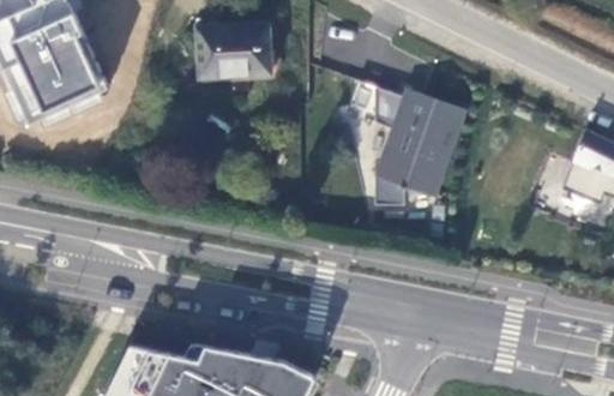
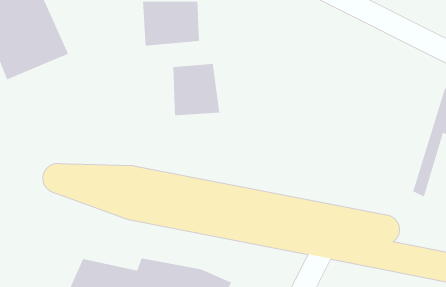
building: [359,78,462,202] -> none
building: none -> [172,63,220,116]

